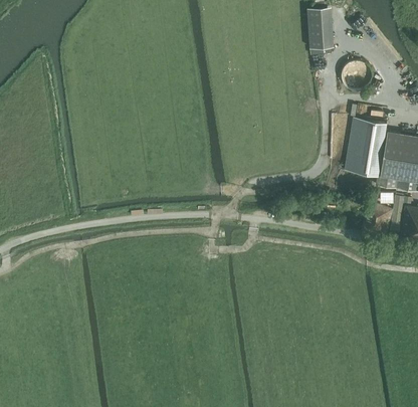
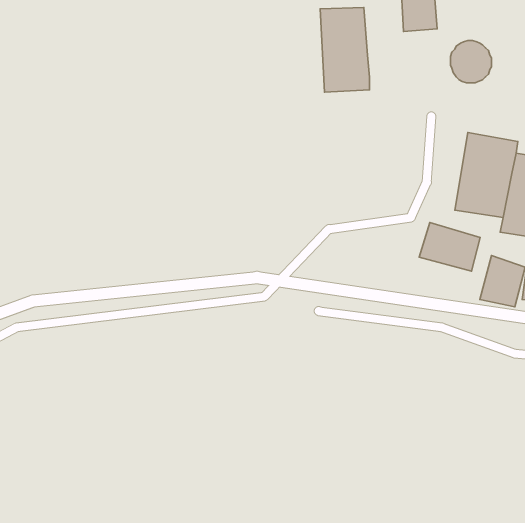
building: none -> [320,8,370,92]
building: none -> [419,222,480,271]

